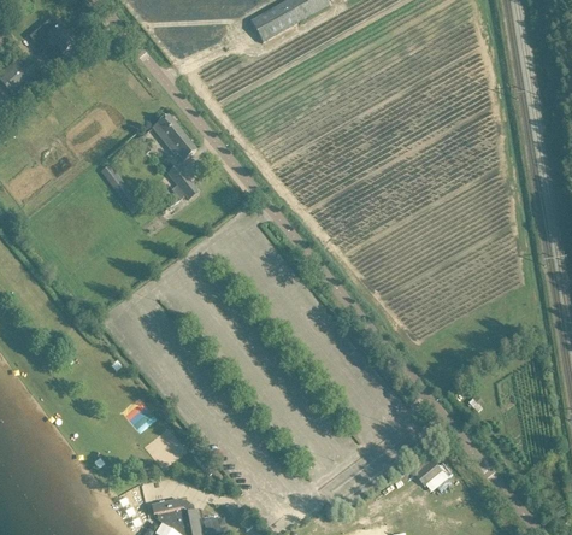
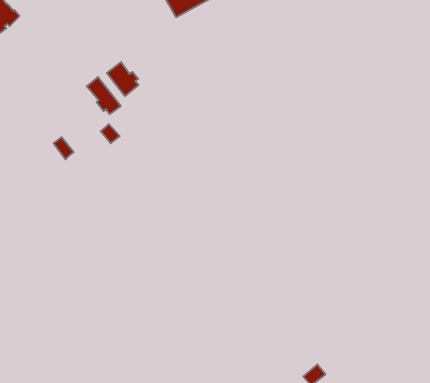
building: none -> [107,62,138,96]

